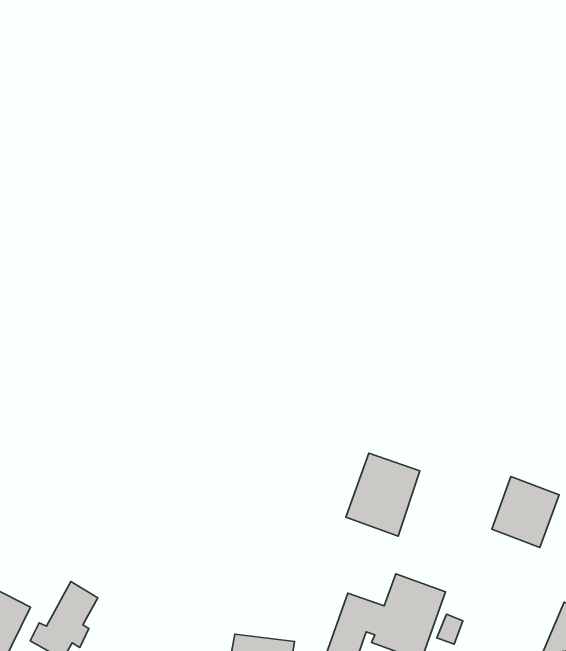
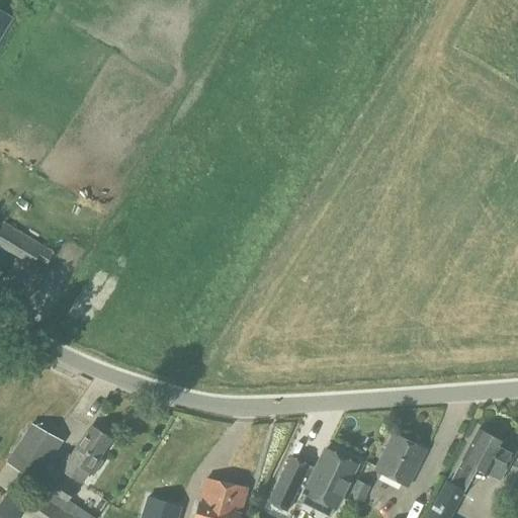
building: [346,453,420,536] -> none
building: [492,477,559,547] -> [374,434,426,488]

